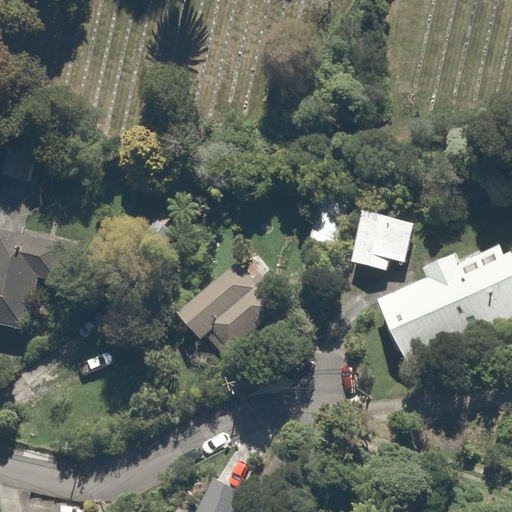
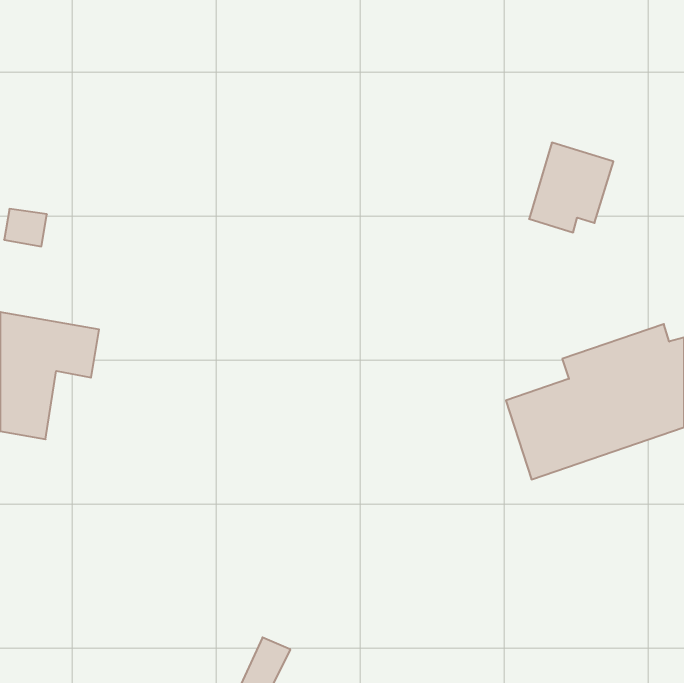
building: [353,208,416,275] -> [529,143,613,232]
building: [169,259,264,351] -> none

